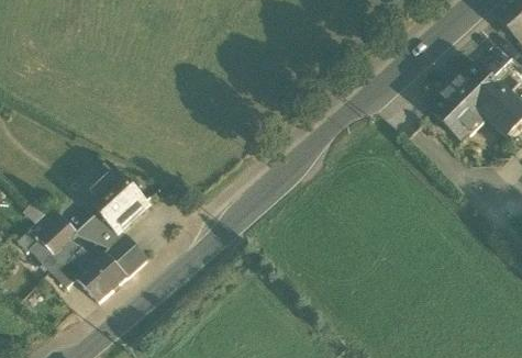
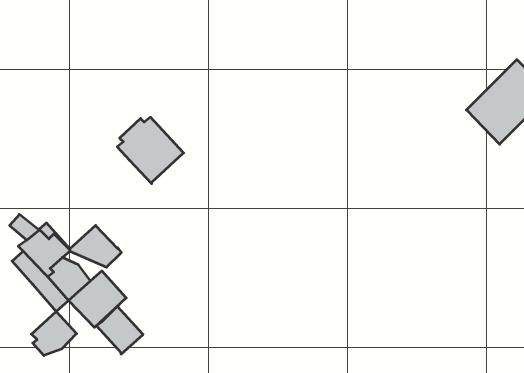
building: [89,174,148,233] -> [117,117,184,184]
building: [105,235,147,278] -> [96,306,143,354]
building: none -> [31,311,77,356]

